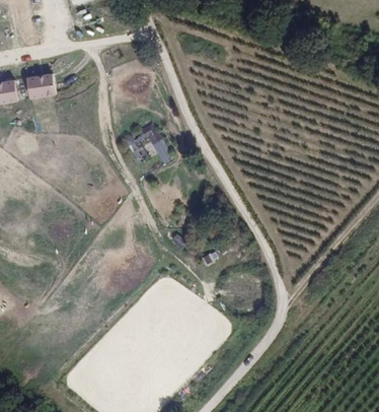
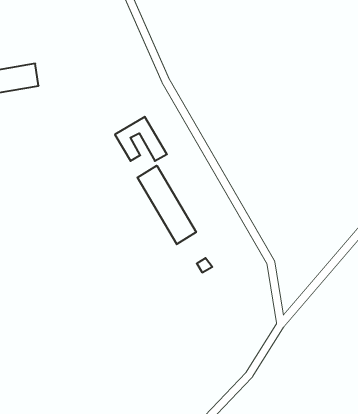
building: none -> [137,166,196,244]

